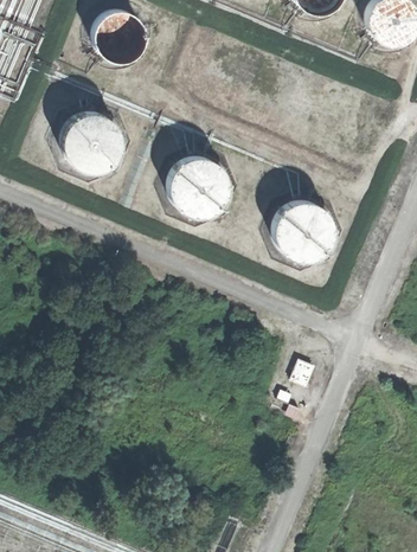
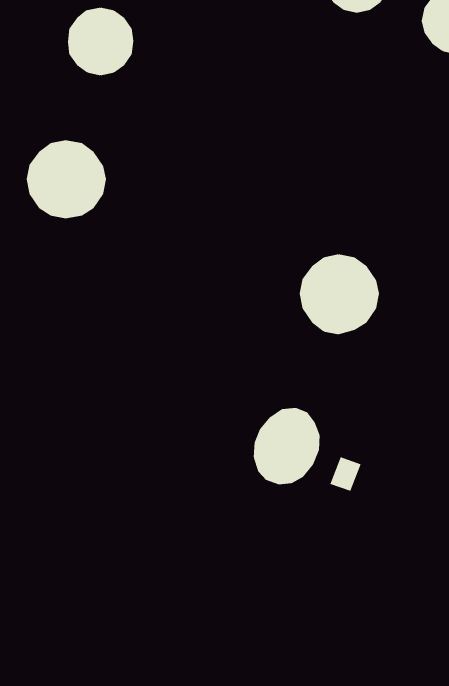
building: [166,155,229,218] -> none
building: none -> [253,407,320,485]

